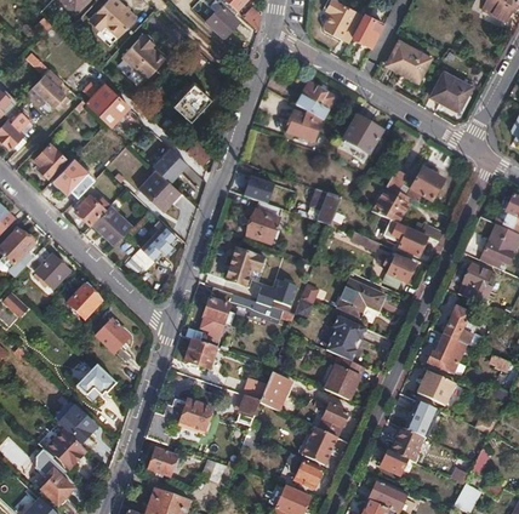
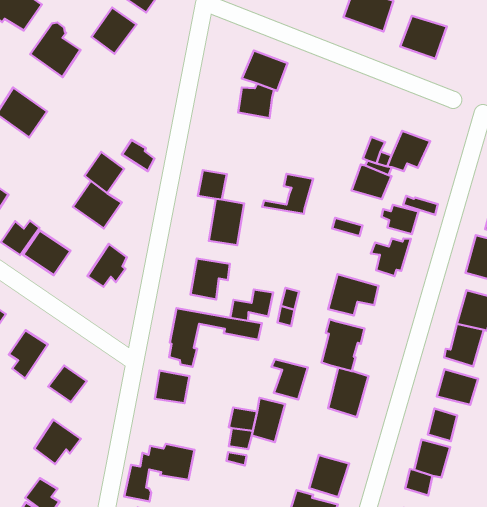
building: [172,81,211,120] -> [92,8,136,54]
building: [343,113,381,152] -> none
building: [318,400,349,436] -> [271,359,308,400]

